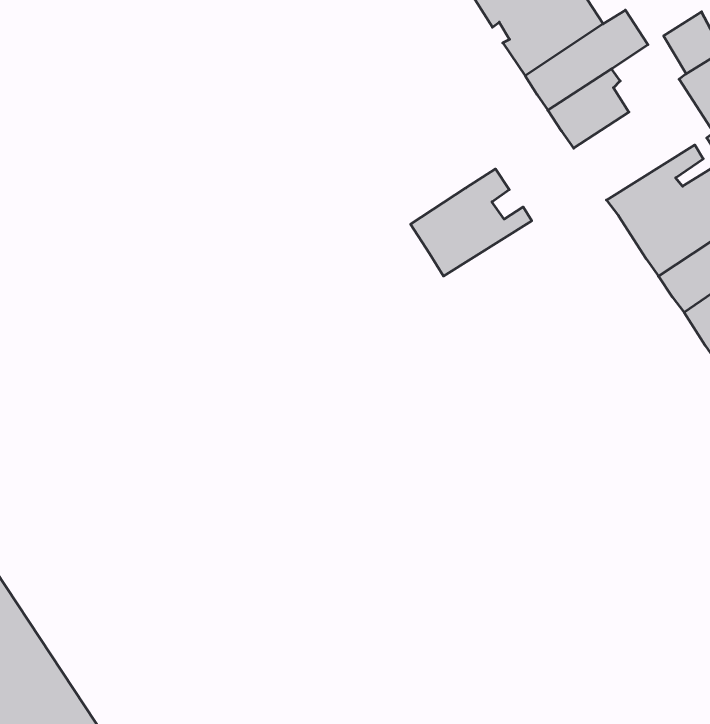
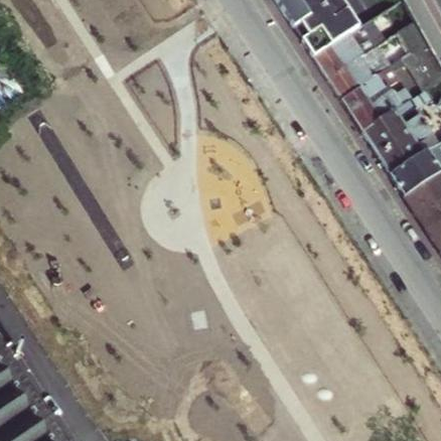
building: [411,169,532,276] -> [341,65,412,128]

